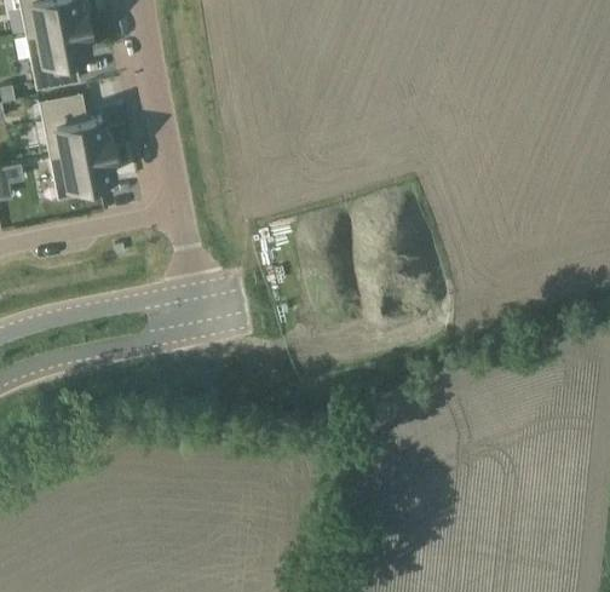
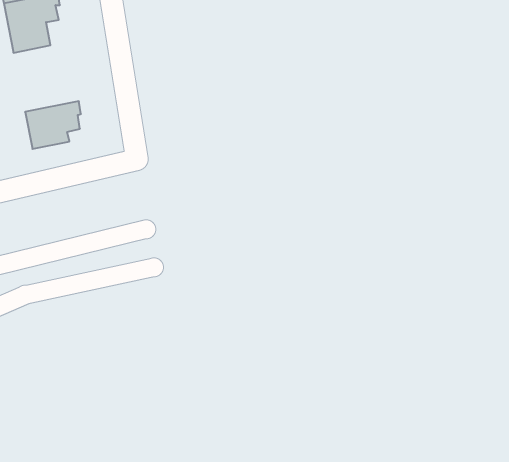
building: [40,91,113,155] -> none

